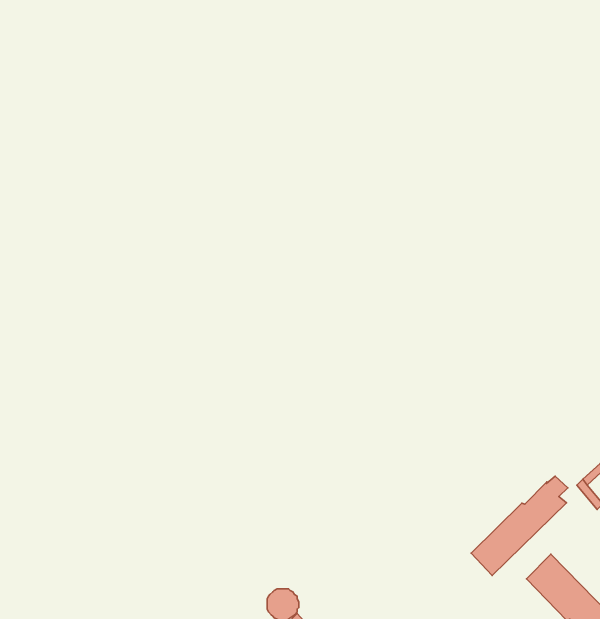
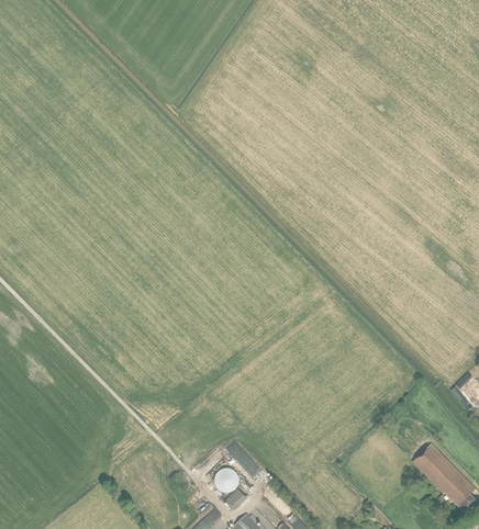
building: [471,476,568,576] -> none

